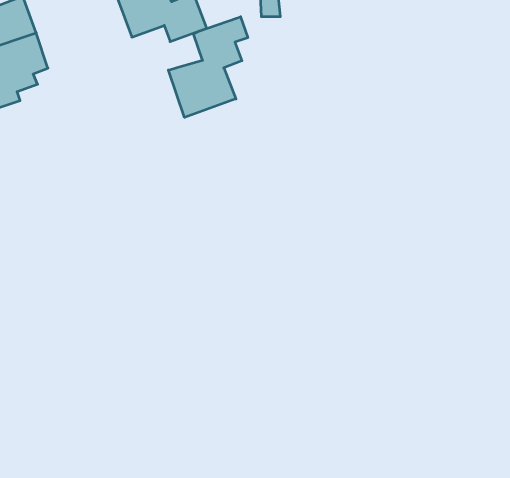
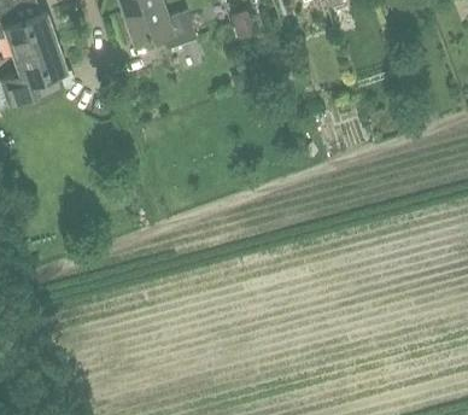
building: [168,17,248,117] -> none

